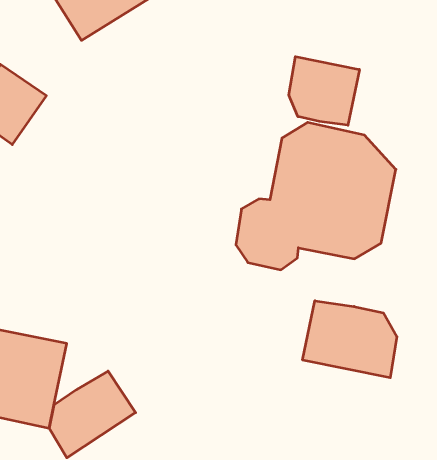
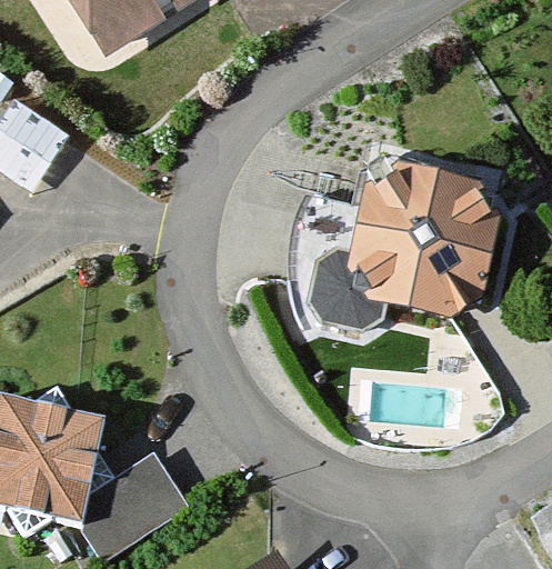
building: [289,57,359,125] -> none
building: [303,301,397,378] -> none

